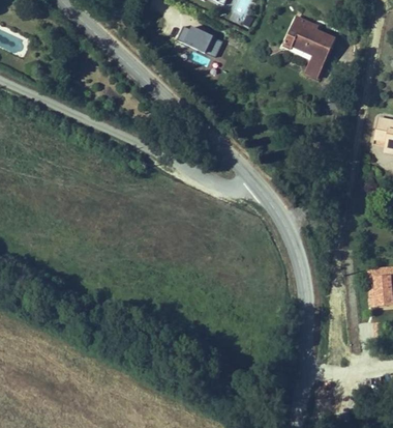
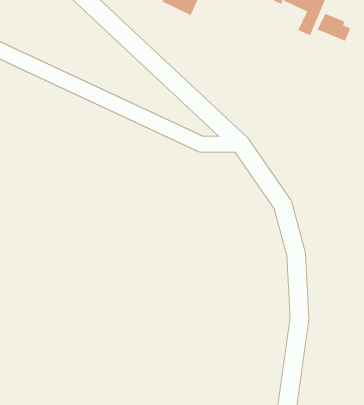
building: none -> [317,13,351,42]

